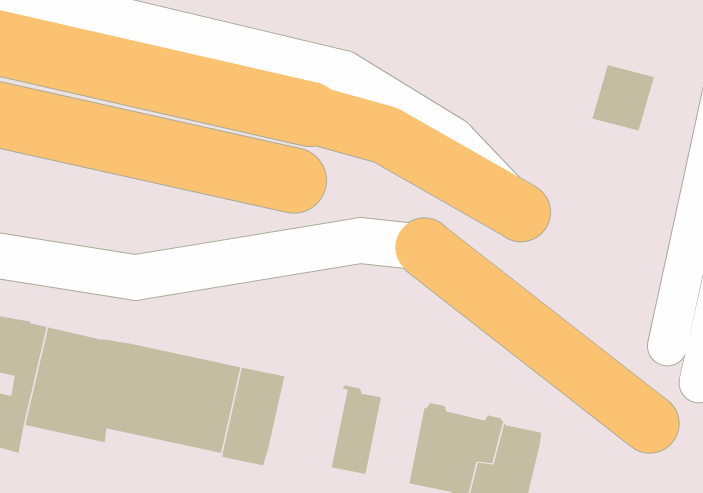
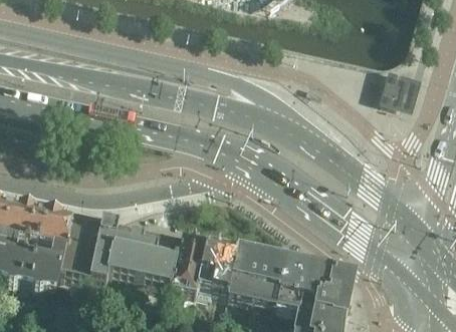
building: none -> [197,245,241,297]
building: none -> [252,257,285,306]

